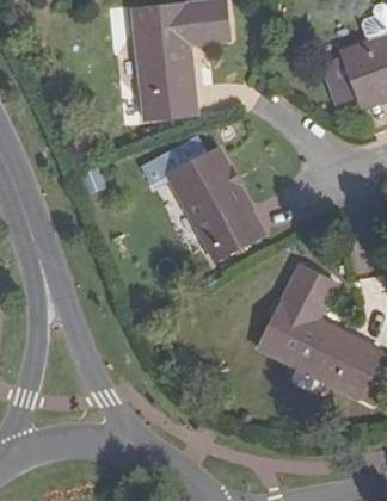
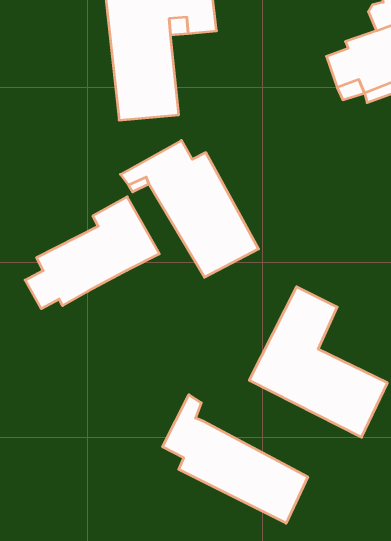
building: none -> [25,197,159,309]
building: none -> [163,395,308,523]

